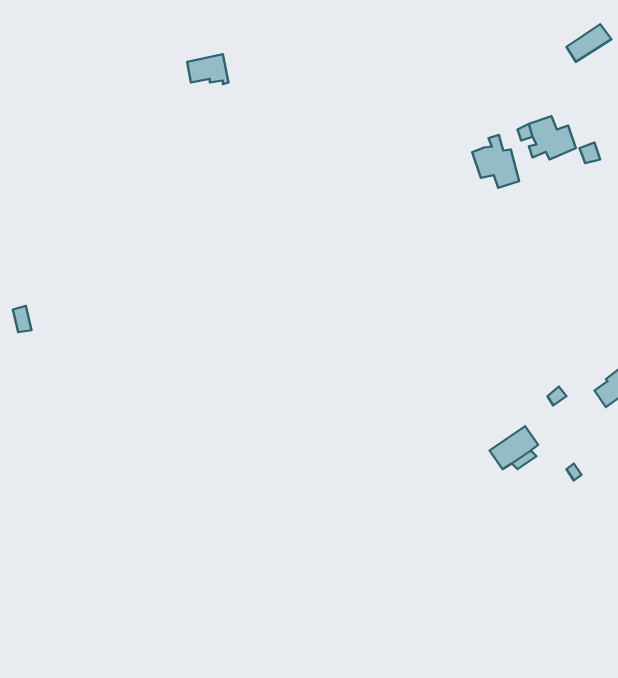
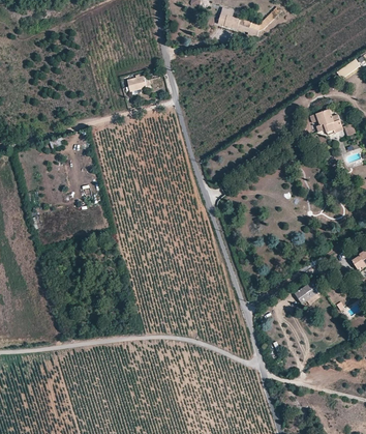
building: [472,135,519,188] -> none

